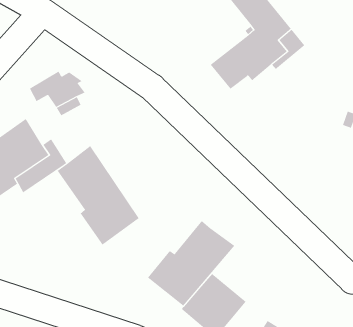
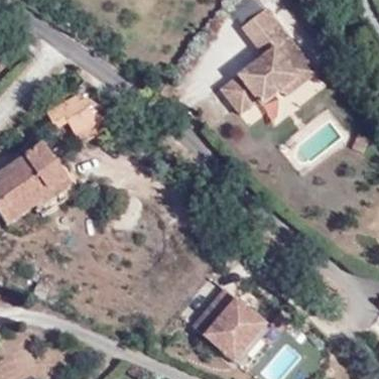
building: [57,145,140,246] -> none
building: [147,220,235,306] -> none

